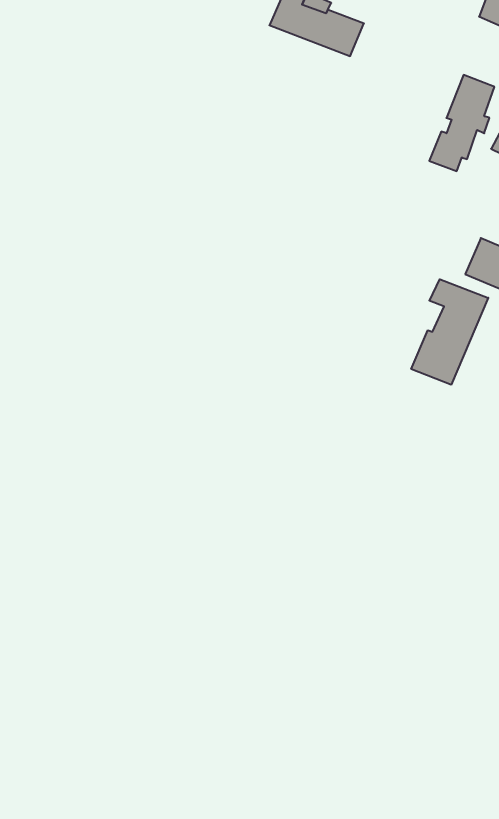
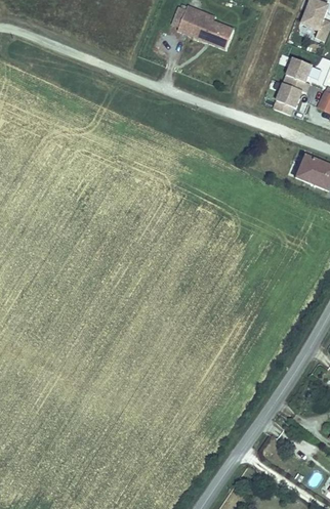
building: [411,279,488,385] -> none

